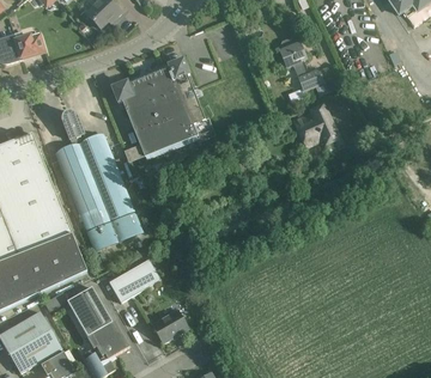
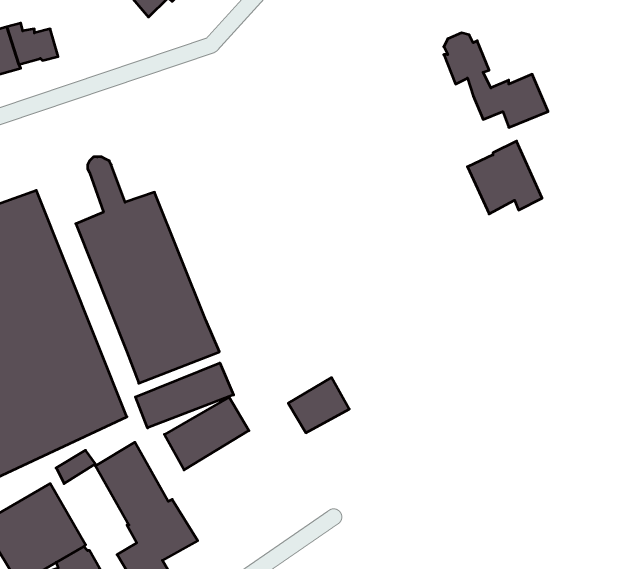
building: [111,59,214,159] -> none
building: none -> [135,363,234,428]
building: [151,309,188,342] -> [288,378,349,433]

